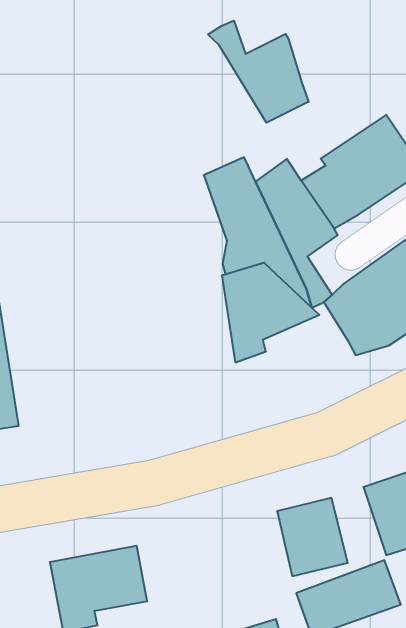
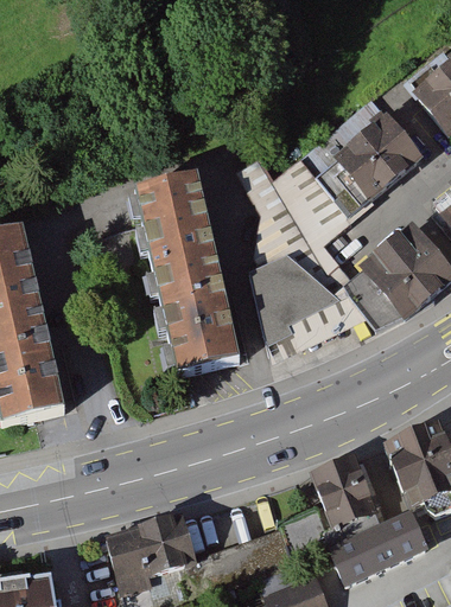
building: [208,21,309,123] -> none
building: none -> [139,179,247,375]
building: none -> [263,281,364,360]

